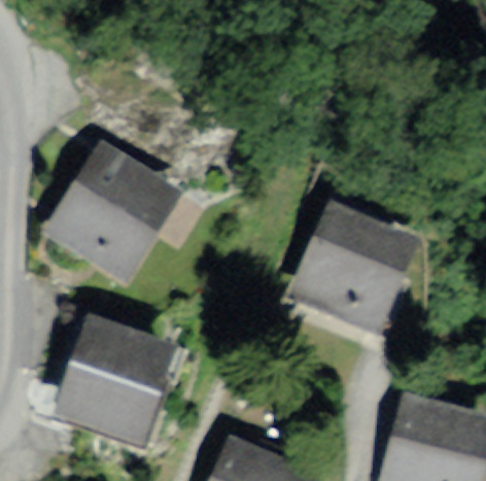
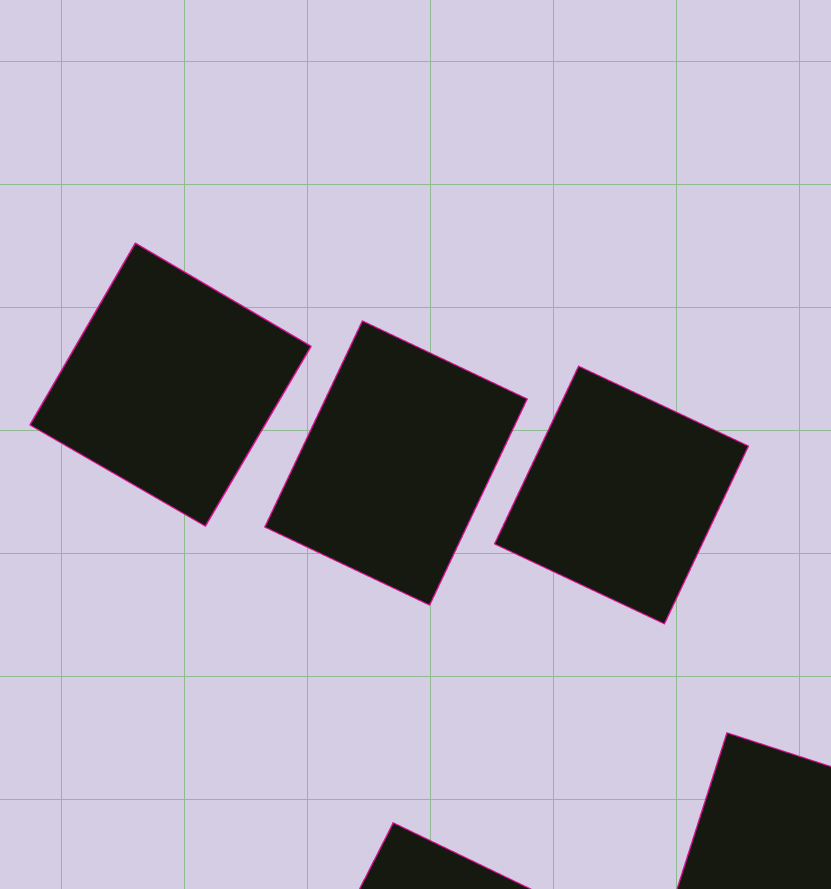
building: none -> [265,321,527,605]
building: [43,314,174,452] -> none

